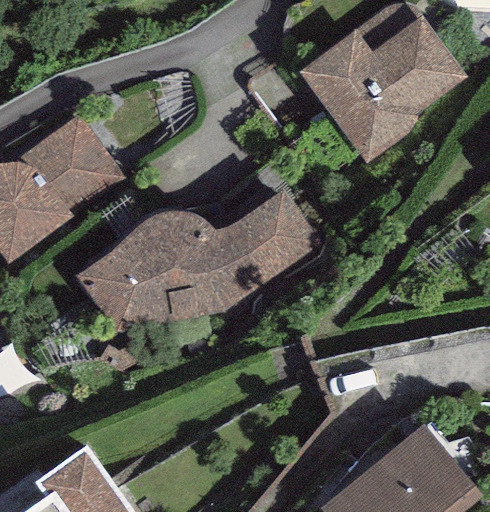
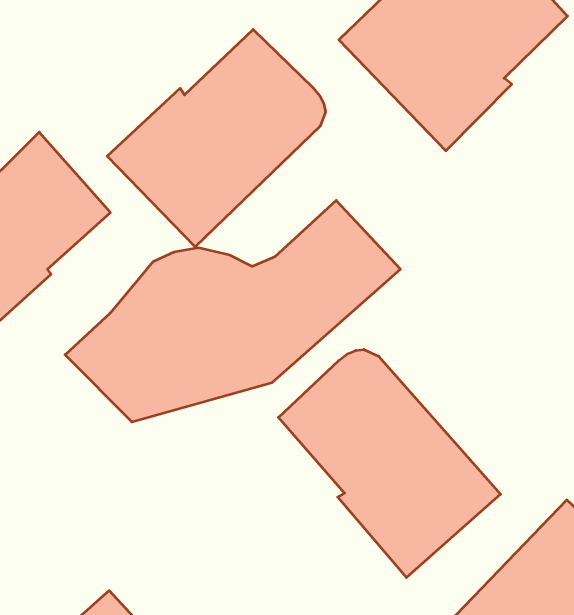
building: none -> [107,29,325,247]
building: none -> [278,349,501,578]

